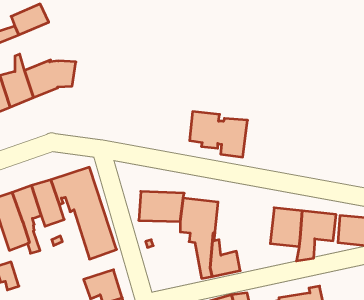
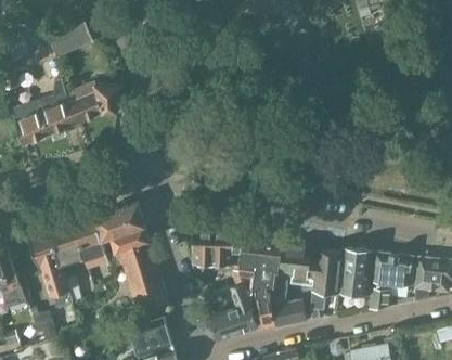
building: [190,112,248,157] -> [276,244,341,295]
building: none -> [208,284,256,339]

